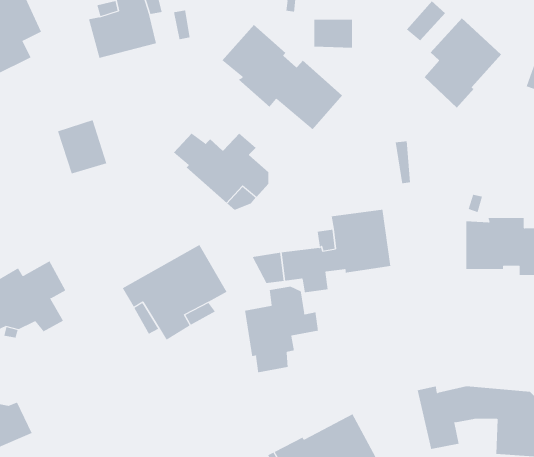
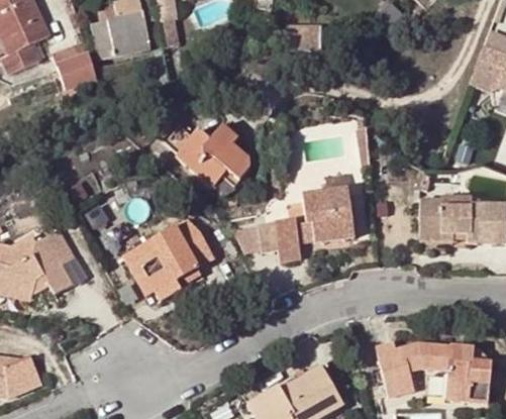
building: [424,17,502,108] -> none
building: [222,24,343,130] -> none
building: [57,119,107,174] -> [53,39,96,87]
building: [245,286,319,373] -> none

